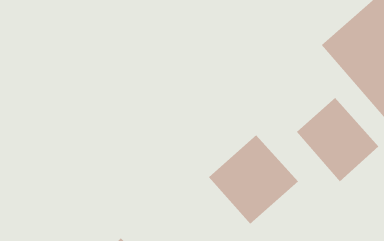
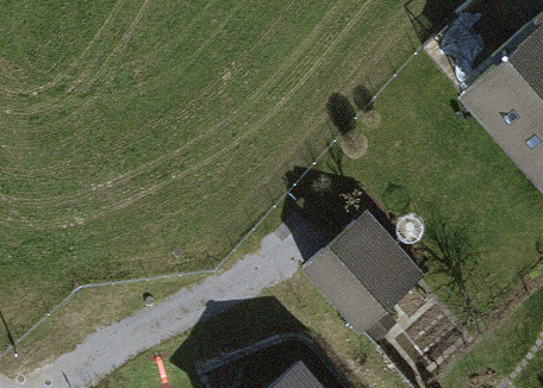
building: [296,97,379,182] -> none

